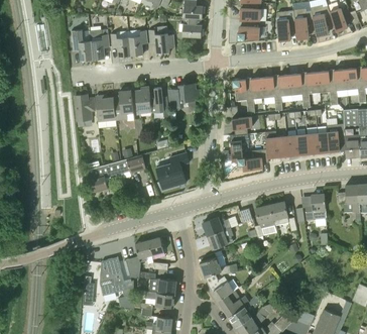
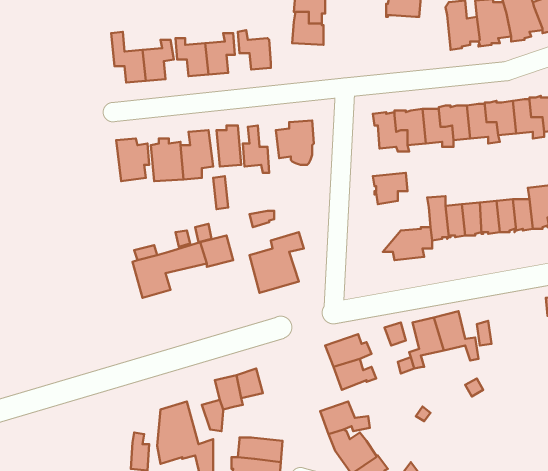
building: [238,19,259,39] -> none
building: [231,133,249,164] -> none
building: [305,194,327,220] -> none

